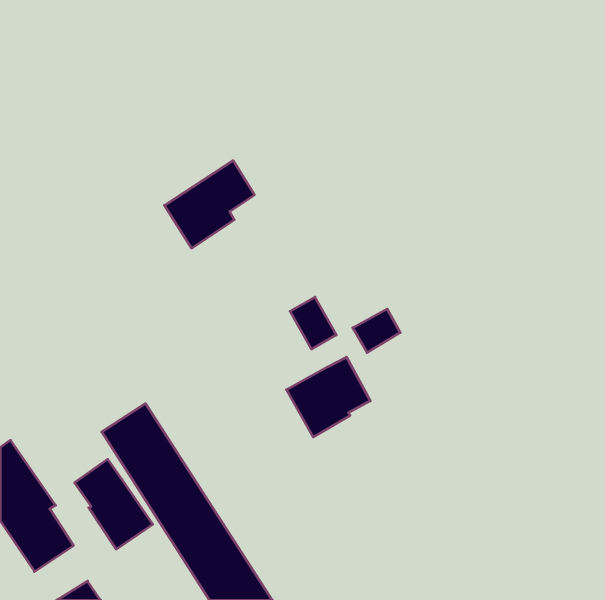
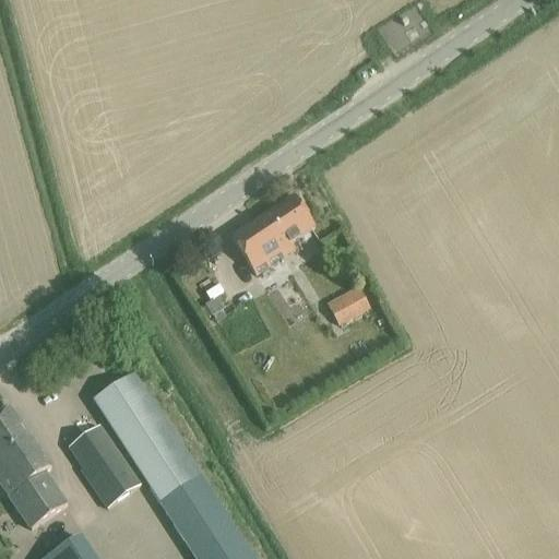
building: [164,161,254,248] -> [231,193,314,274]
building: [286,357,370,437] -> none

